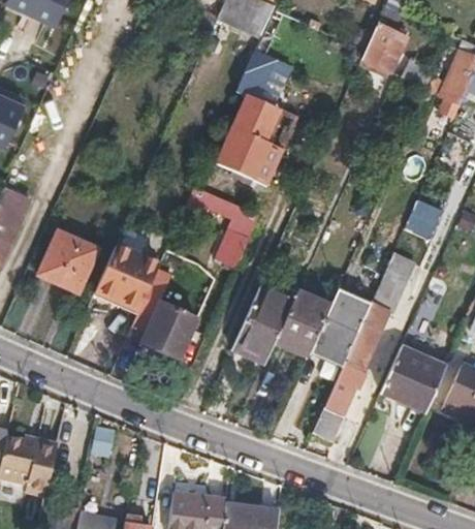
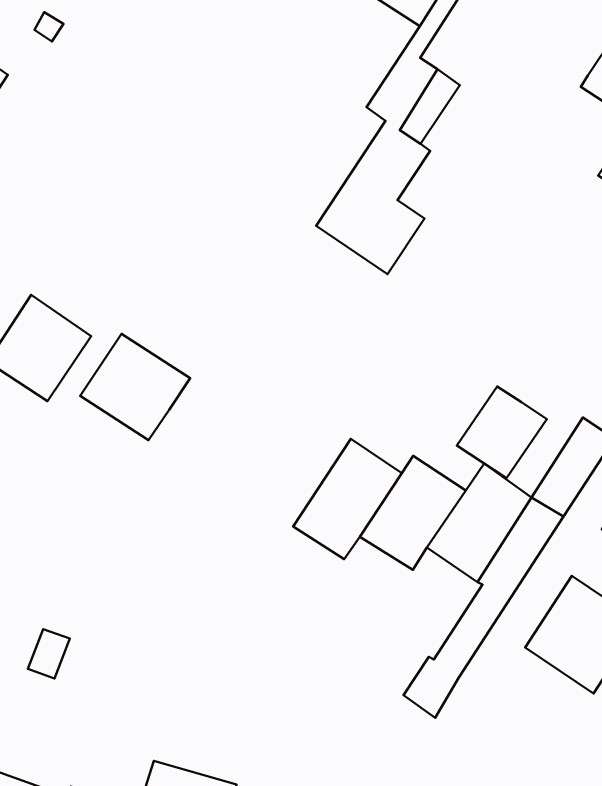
building: [188,186,259,268] -> none
building: none -> [457,386,547,478]
building: [133,286,197,359] -> none

